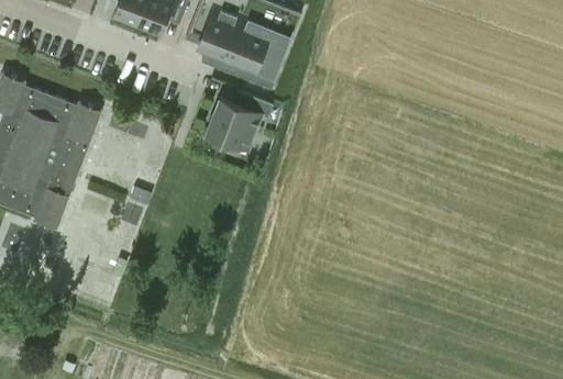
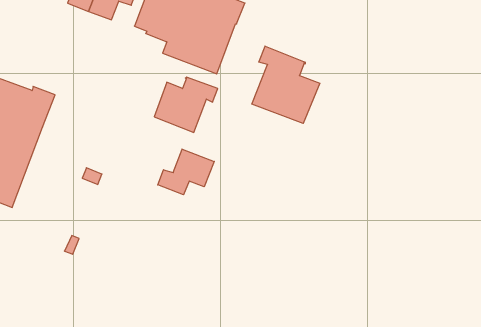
building: none -> [252,46,320,123]
building: none -> [158,149,214,195]

